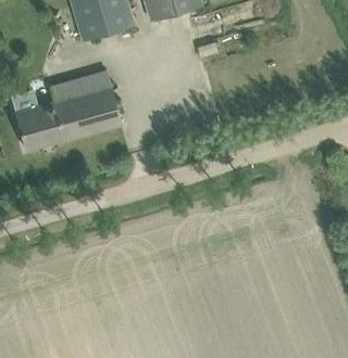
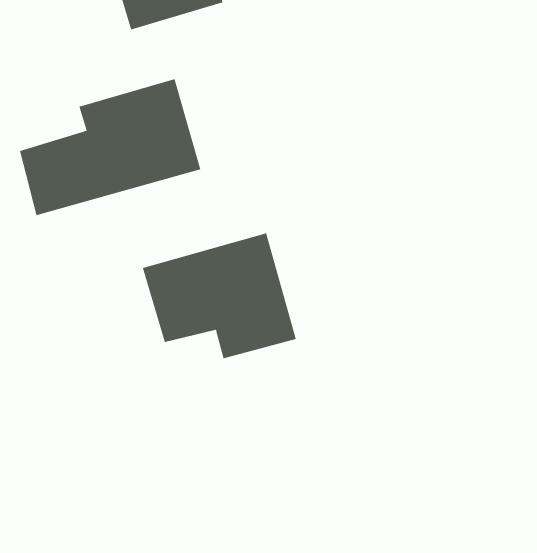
building: none -> [142,232,296,359]

